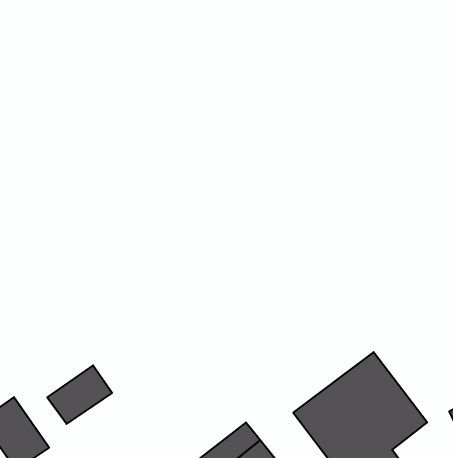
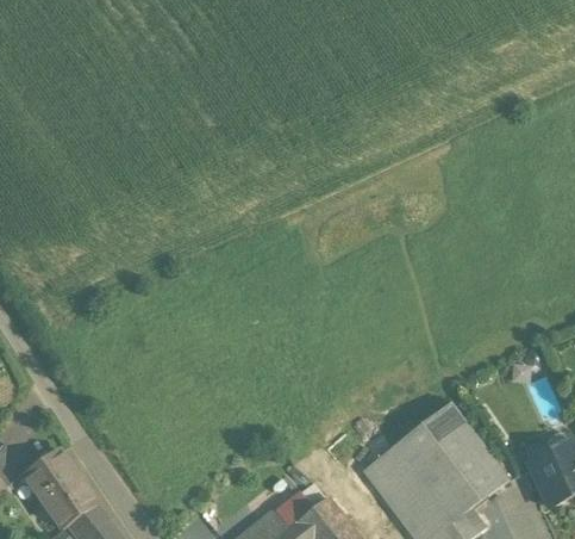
building: [47,365,112,424] -> none

